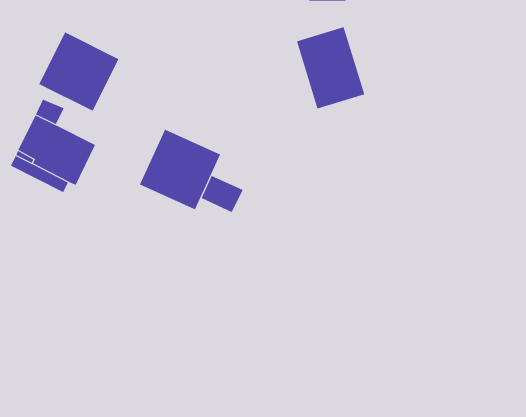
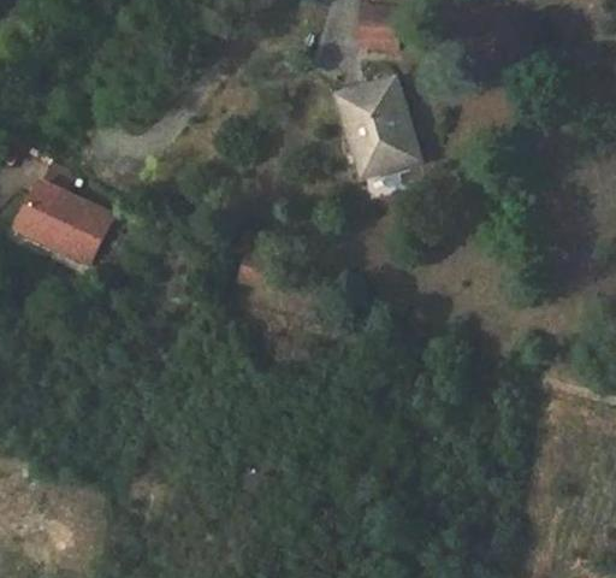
building: [39,32,119,112] -> none
building: [139,129,221,210] -> none

